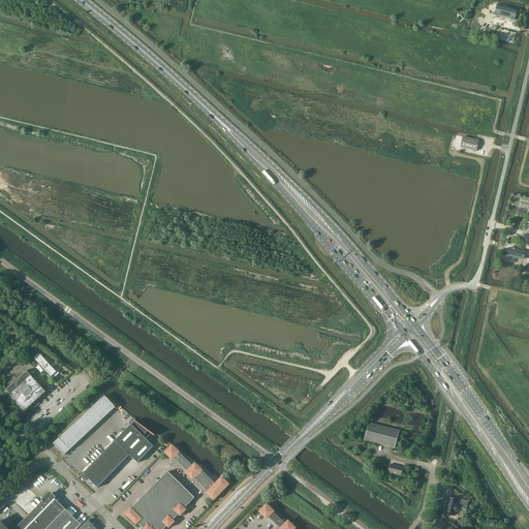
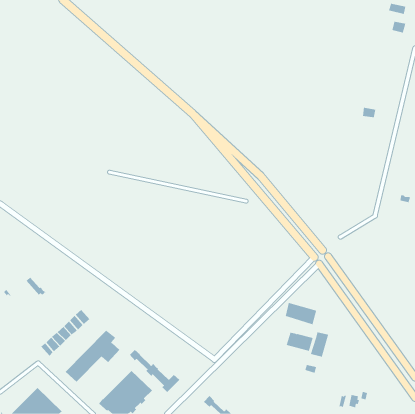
building: [4,370,45,411] -> none
building: none -> [285,302,317,325]
building: none -> [310,331,329,358]

